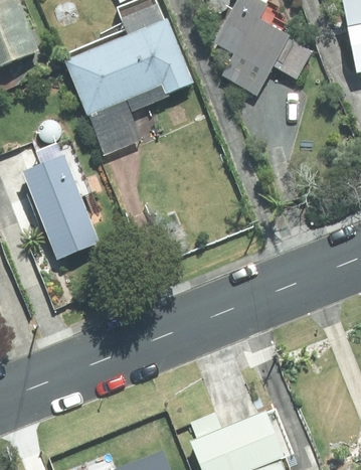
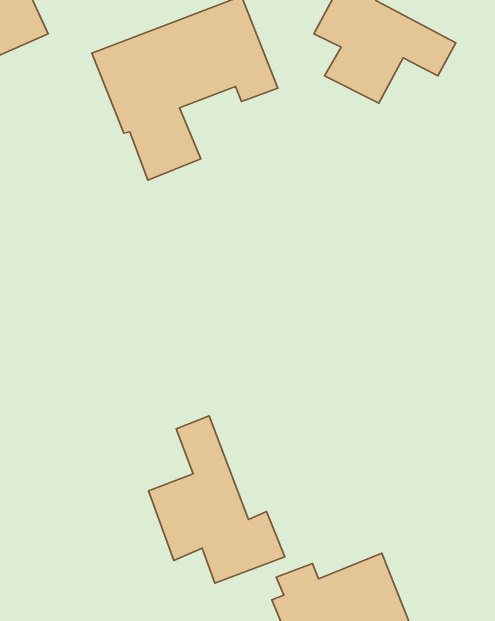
building: [22,158,98,259] -> none
building: none -> [148,416,285,583]

